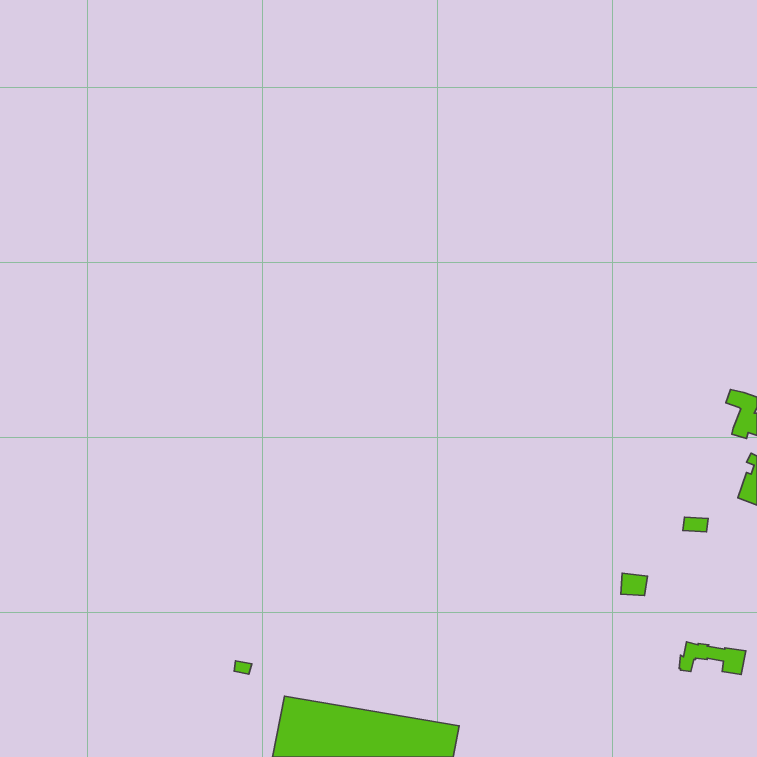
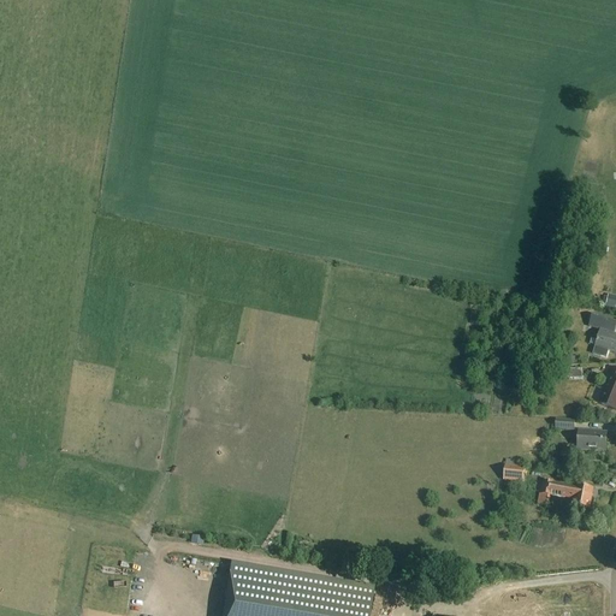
building: none -> [578,431,606,452]
building: [679,642,746,674] -> [538,482,592,509]

